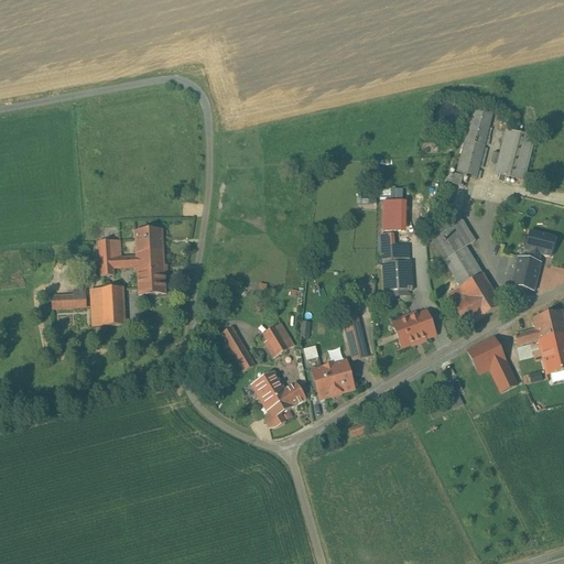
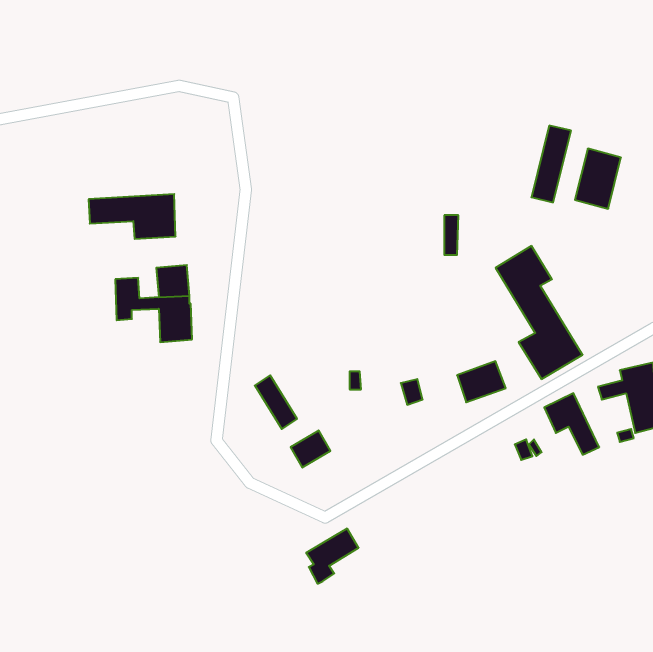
building: [511,229,556,290] -> none
building: [389,239,410,295] -> none
building: [51,285,126,324] -> [89,194,176,239]
building: [265,321,299,357] -> none
building: [313,359,355,399] -> none
building: [261,381,306,429] -> [306,529,359,584]

